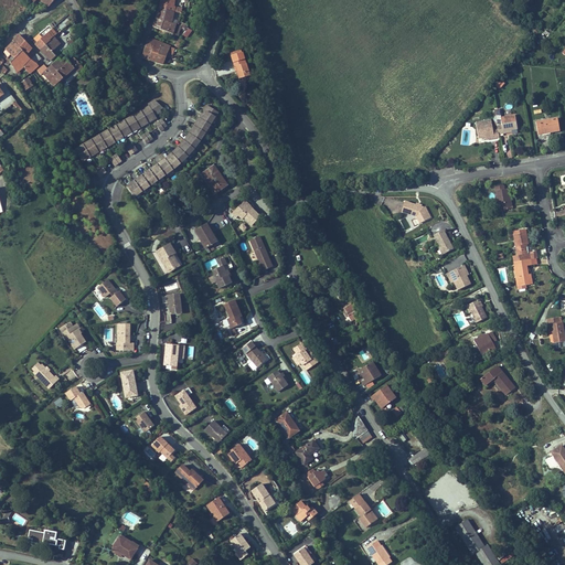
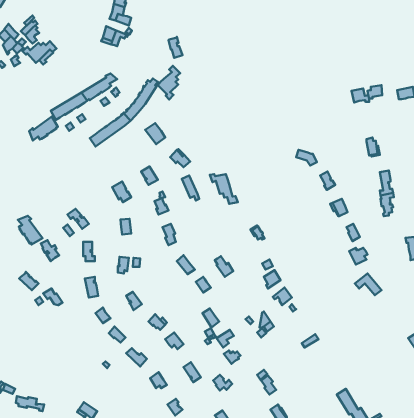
building: none -> [158,66,180,99]
building: none -> [29,117,58,141]
building: none -> [210,174,238,204]
building: none -> [18,216,43,245]

